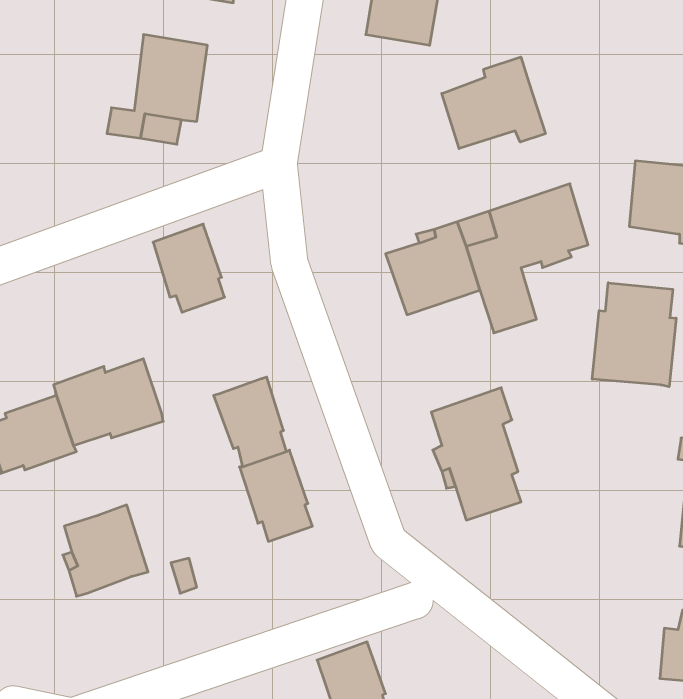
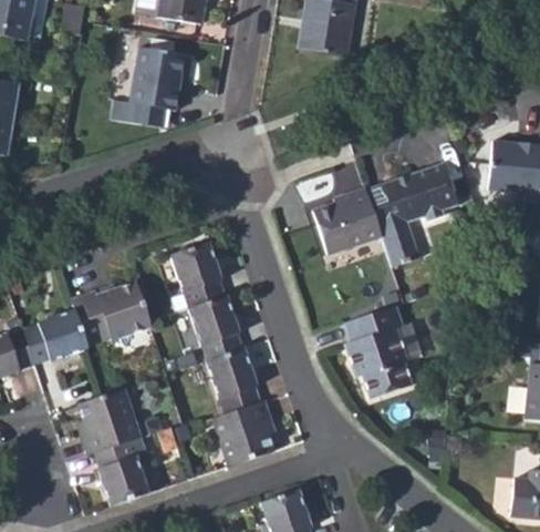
building: [442,57,545,149] -> none
building: [153,224,225,312] -> [172,244,224,308]
building: [592,283,676,387] -> none
building: none -> [215,402,276,468]
building: none -> [96,441,149,507]

